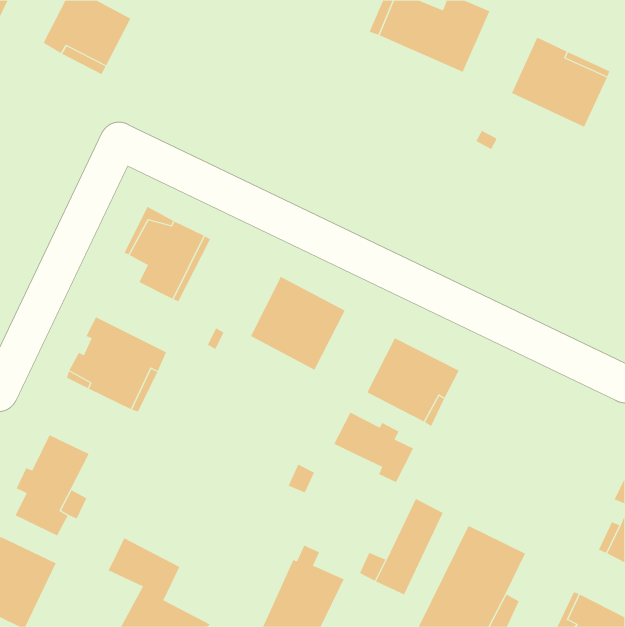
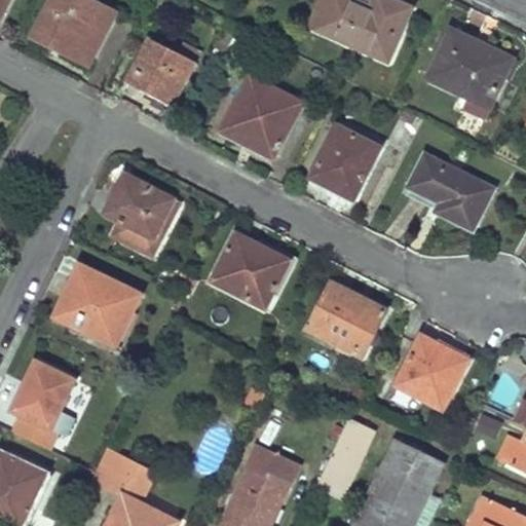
building: none -> [126,39,198,106]
building: none -> [225,76,301,157]
building: none -> [311,127,379,198]
building: none -> [410,155,491,228]
building: none -> [396,341,467,408]
building: [334,412,414,483] -> none

